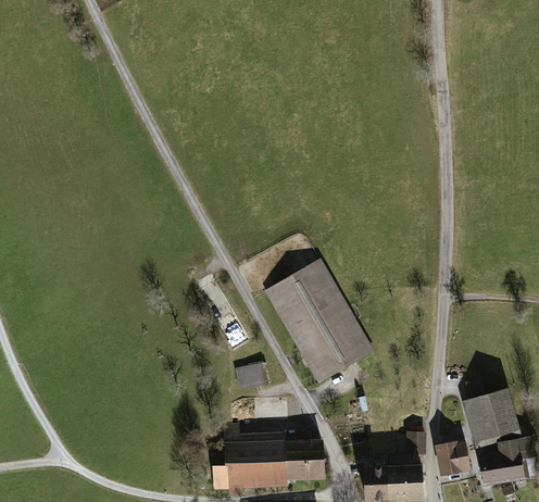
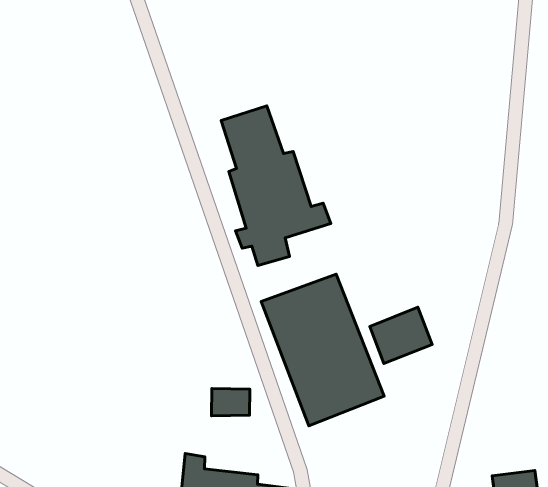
building: none -> [221,106,331,266]
building: none -> [370,307,432,363]

